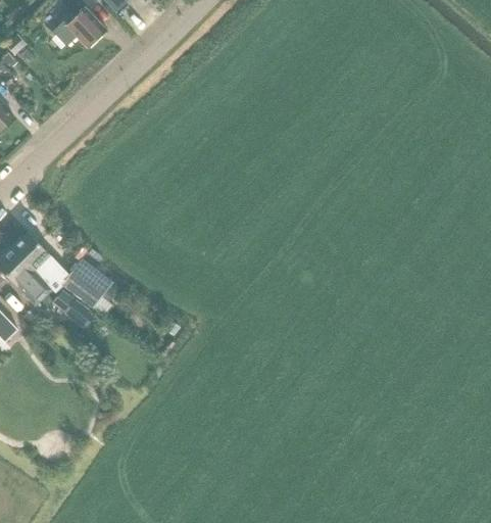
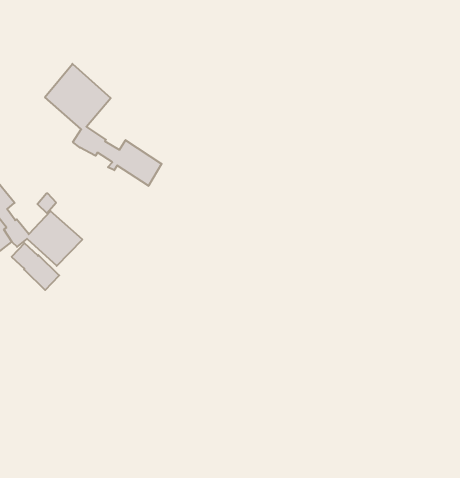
building: none -> [45,64,162,186]

